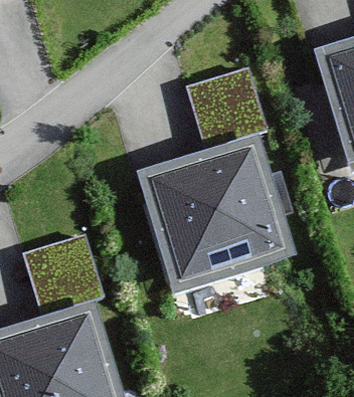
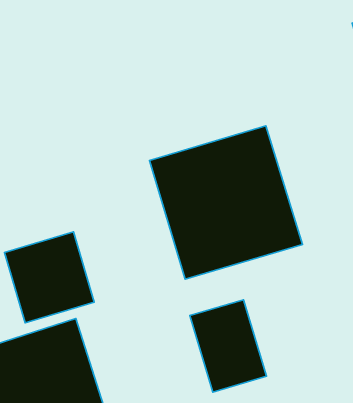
building: [188,73,266,150] -> none
building: none -> [190,300,266,392]

